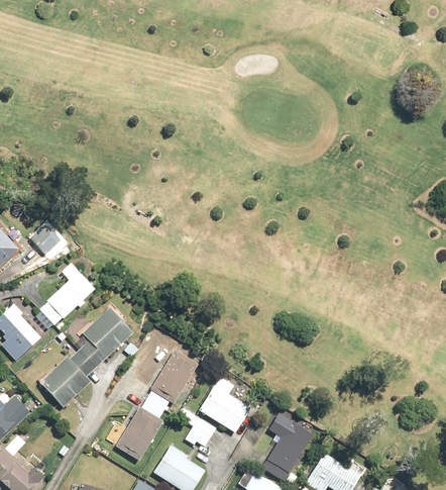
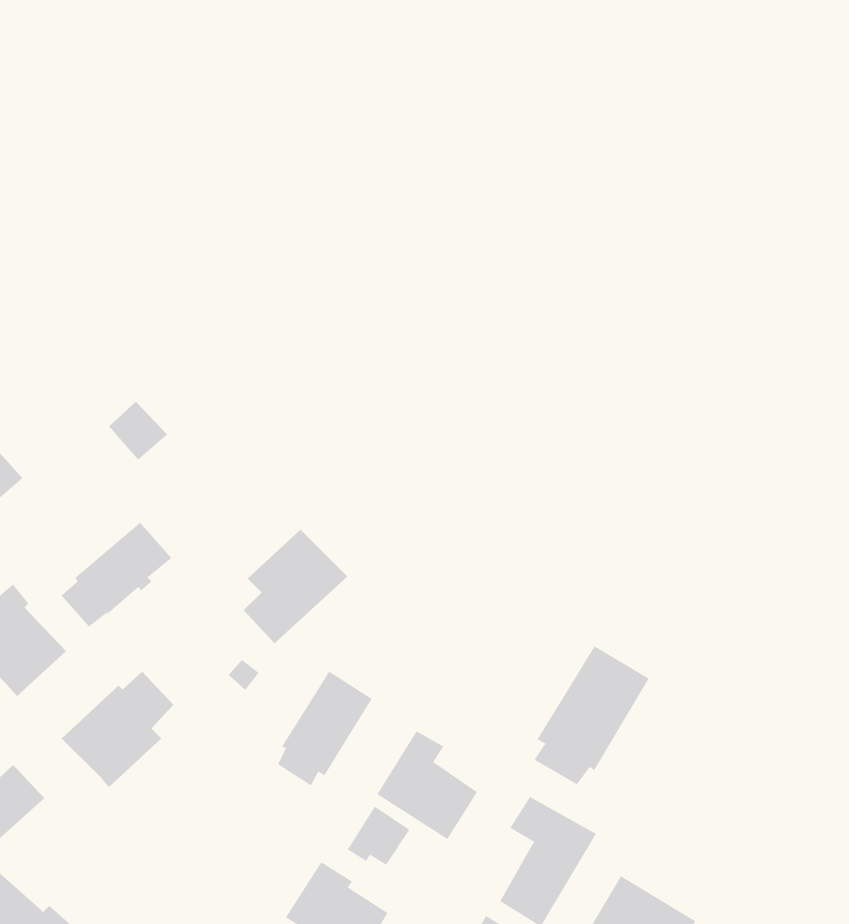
building: [30,224,61,255] -> [108,401,168,460]
building: [80,306,133,365] -> [243,529,348,644]
building: none -> [534,646,650,785]
building: [115,395,165,461] -> none

